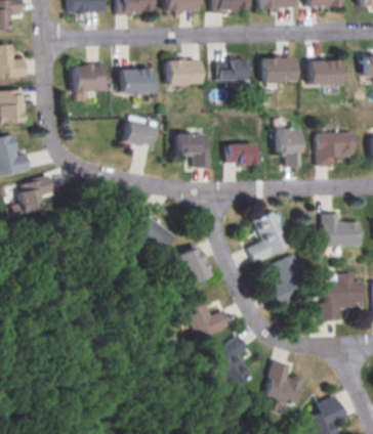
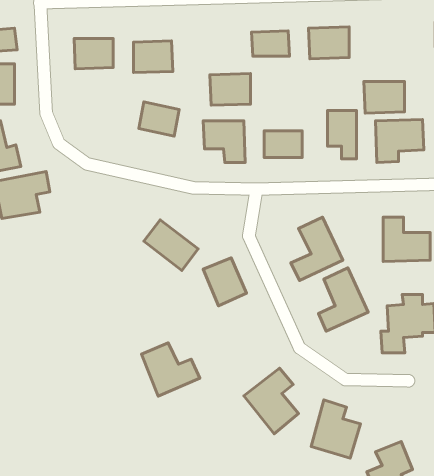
building: [166,60,199,86] -> [210,74,250,105]
building: [308,60,341,86] -> [364,81,404,113]
building: [183,294,231,337] -> [142,343,200,396]

